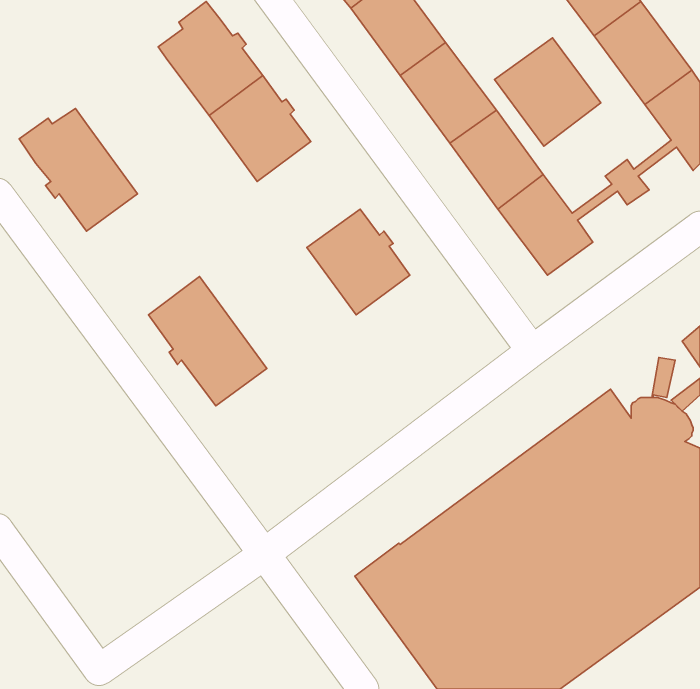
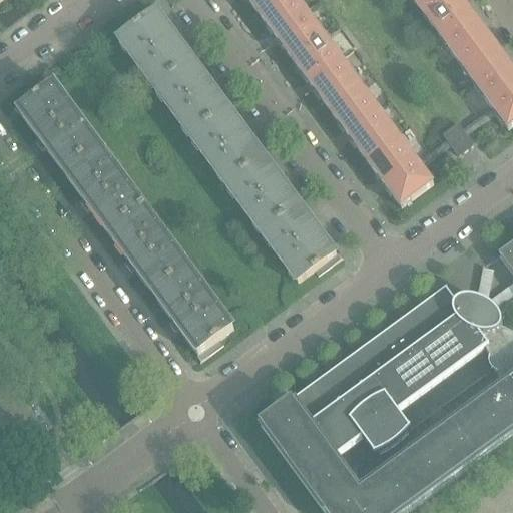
building: [494,38,601,146] -> none
building: none -> [187,103,263,180]
building: none -> [63,141,145,229]
building: none -> [260,200,338,279]
building: none -> [157,269,234,356]

